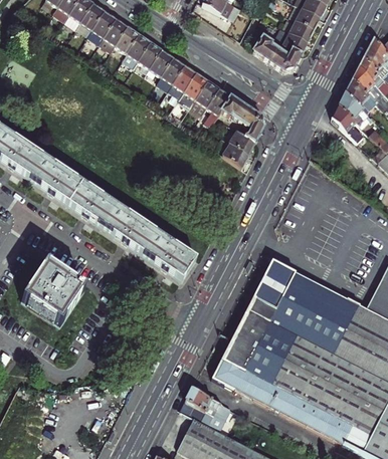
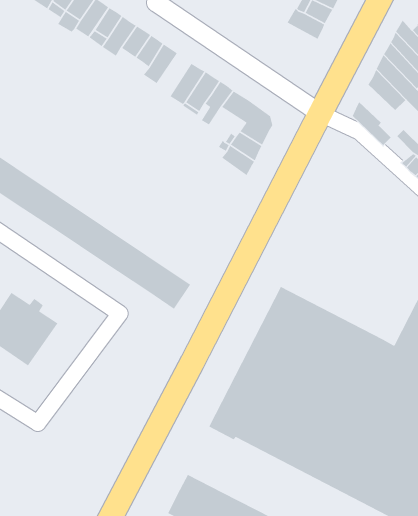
building: [254,35,303,72] -> none
building: [169,65,197,98] -> none
building: [337,91,371,129] -> none
building: [179,386,234,431] -> none

